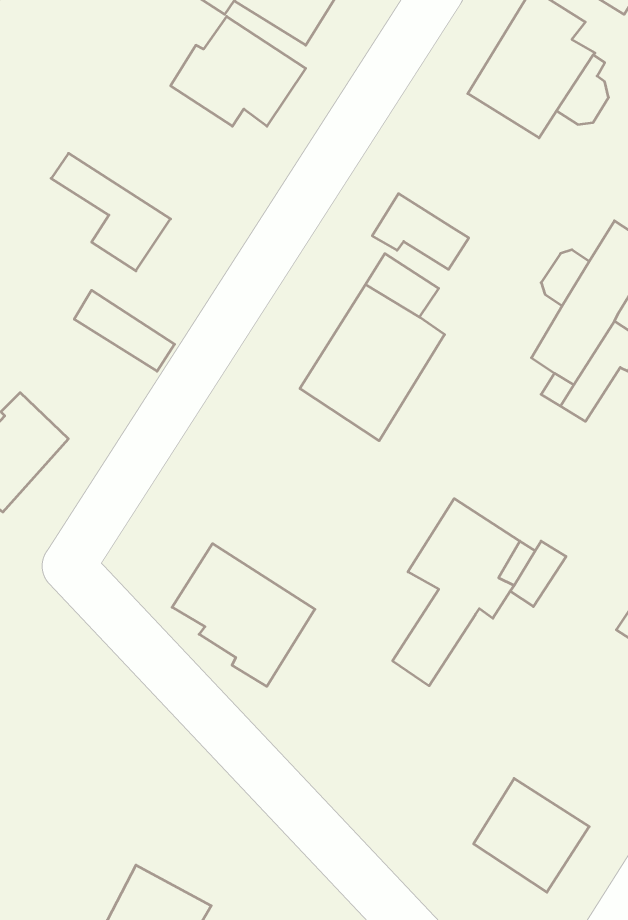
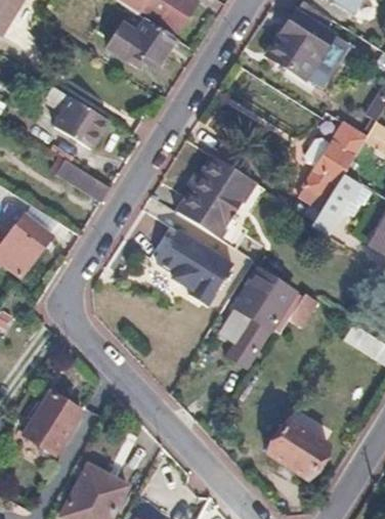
building: [372,194,469,269] -> none
building: [172,544,315,686] -> [157,228,232,304]
building: none -> [23,390,81,455]

